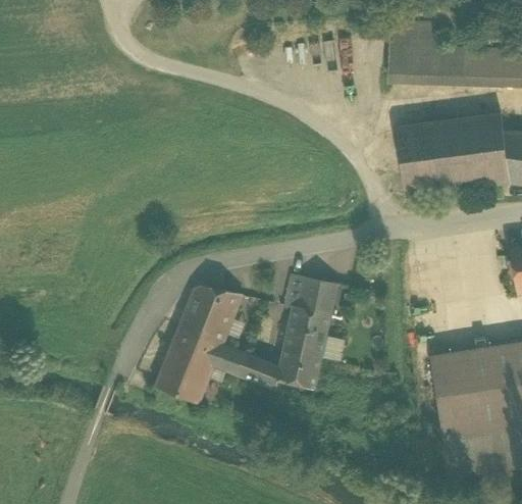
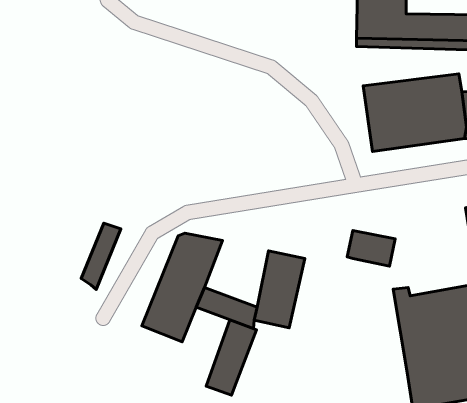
building: [286,274,338,313] -> [347,230,395,266]
building: none -> [81,223,121,289]
building: none -> [206,320,256,395]

